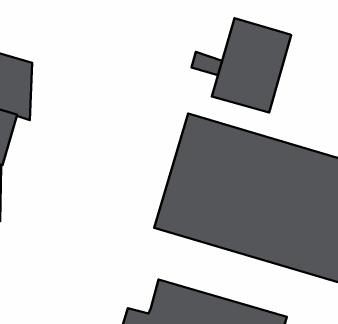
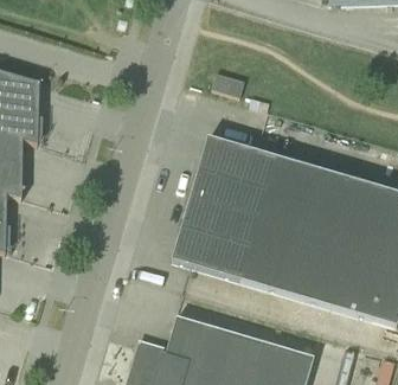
building: [212,18,291,113] -> none

